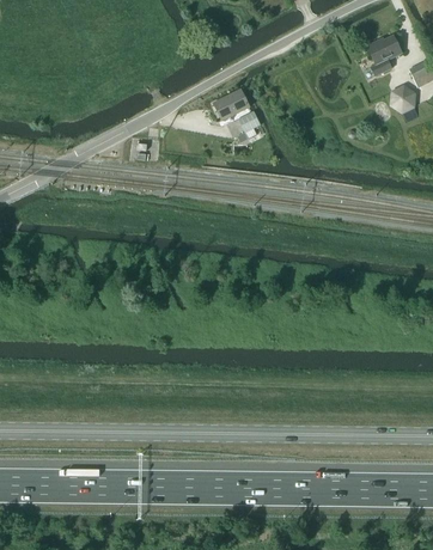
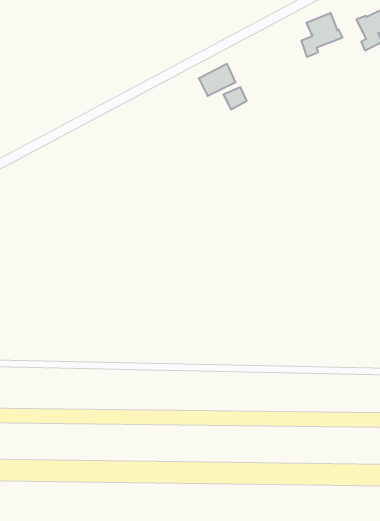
building: none -> [302,13,343,57]

